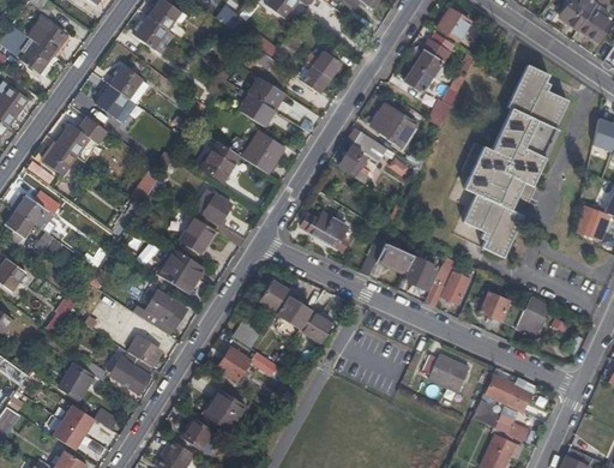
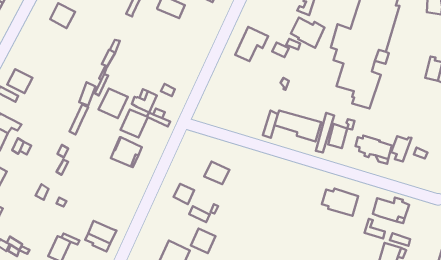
building: [96,84,136,121] -> none
building: [239,91,275,124] -> none
building: [372,104,416,146] -> [291,17,325,48]
building: [55,115,107,156] -> none
building: [242,130,284,170] -> none
building: [198,138,237,178] -> [99,88,128,118]
building: [300,212,345,247] -> none
building: [258,278,288,311] -> none
building: [132,288,187,332] -> none
building: [299,311,335,346] -> none
building: [127,334,161,365] -> none
building: [217,347,251,380] -> [191,228,216,253]

